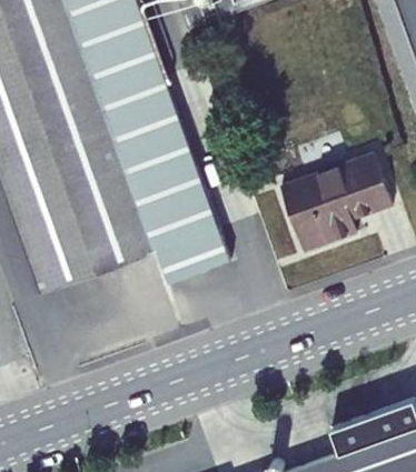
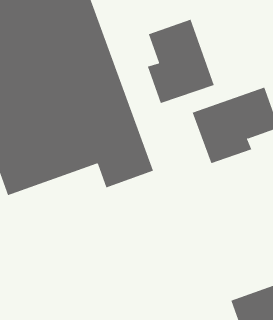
building: none -> [147,19,215,104]

